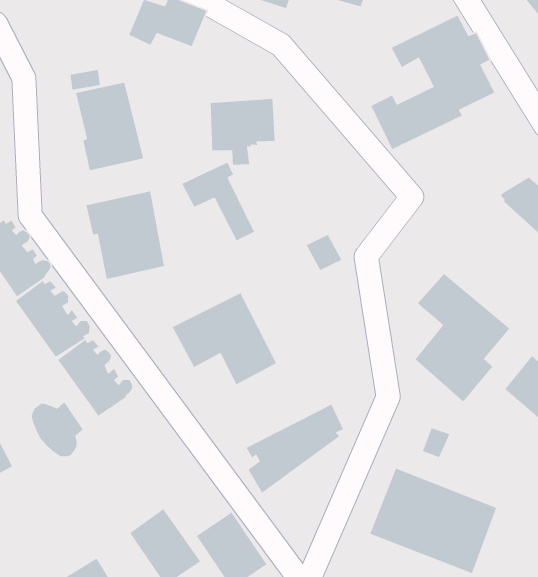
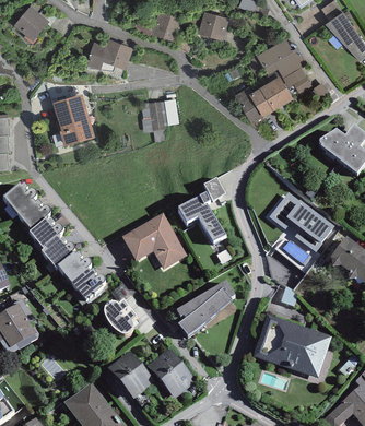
building: [181,162,255,242] -> [177,192,224,240]
building: [86,190,165,280] -> none
building: [31,401,84,457] -> [103,299,136,333]

